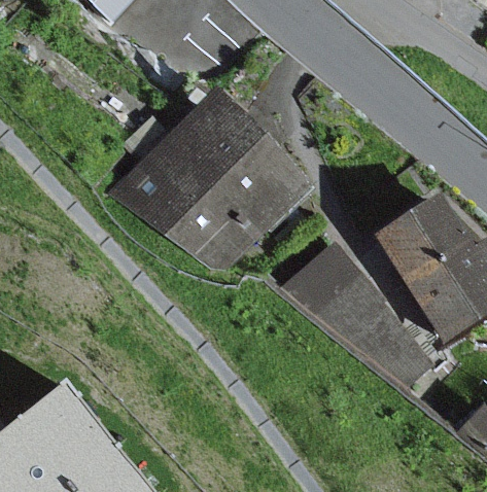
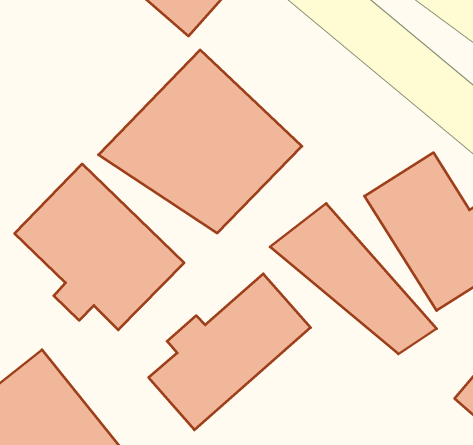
building: none -> [15,164,184,330]
building: none -> [149,274,311,430]

